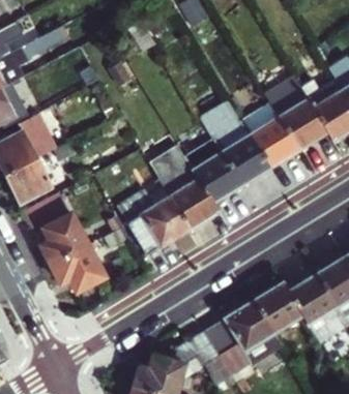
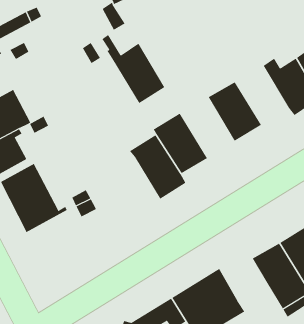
building: [263,74,326,150] -> none
building: [202,112,269,185] -> [102,34,165,104]
building: [117,184,191,255] -> none
building: [50,240,103,291] -> none
building: [254,283,303,335] -> none

